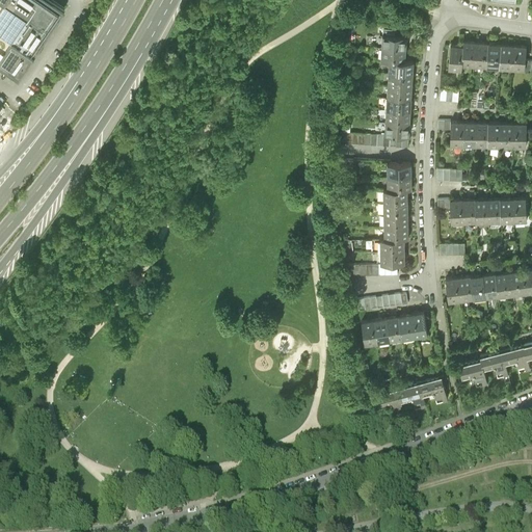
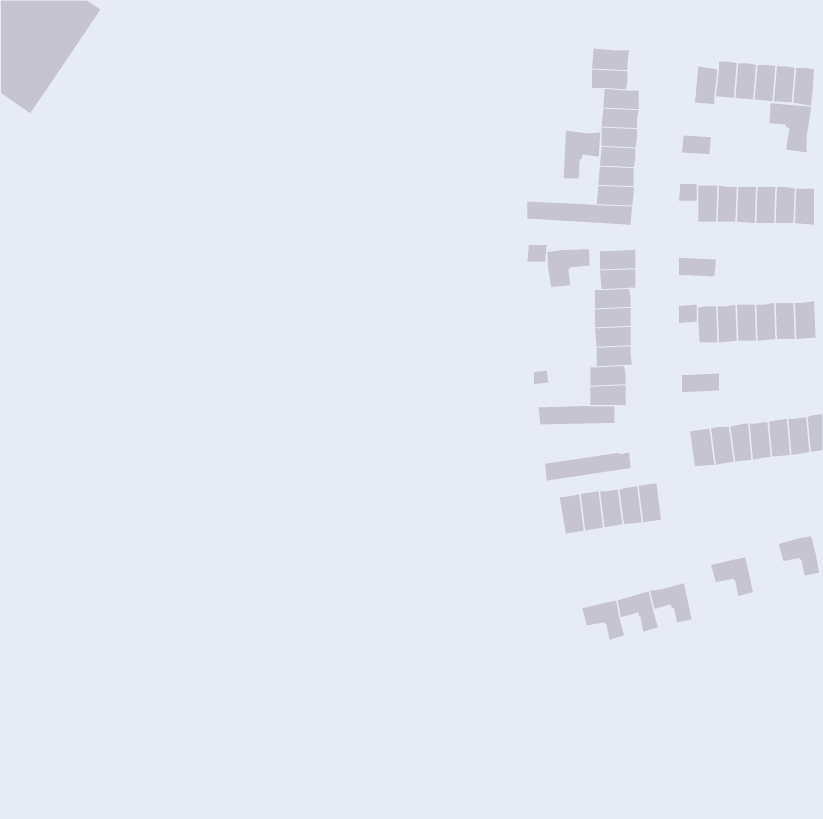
building: none -> [769,102,812,153]
building: none -> [563,130,601,179]
building: none -> [547,249,590,288]
building: [480,353,507,379] -> none

